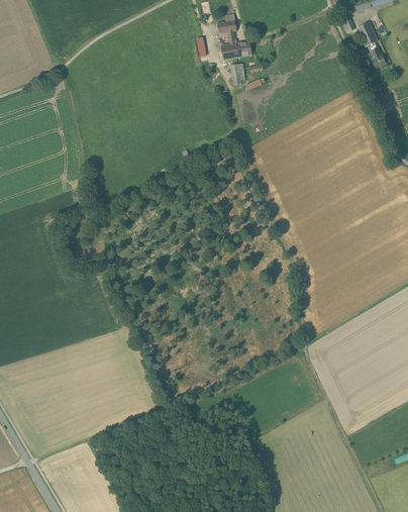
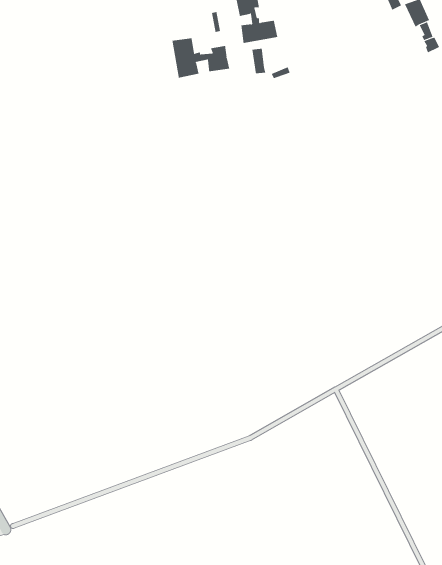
building: none -> [172,37,230,79]

